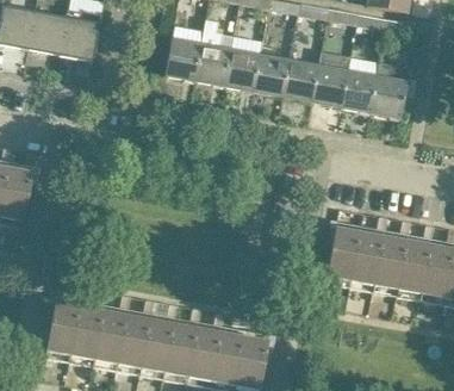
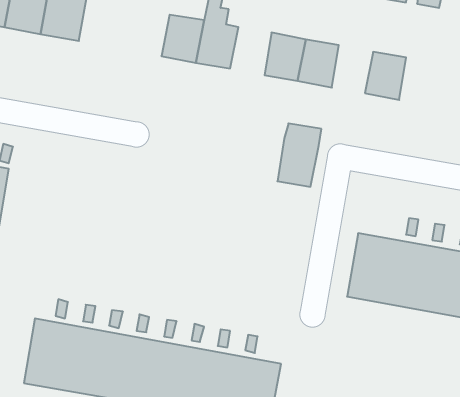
building: [224,46,260,88] -> none
building: [312,49,350,104] -> [277,123,321,187]
building: [371,58,410,114] -> none

